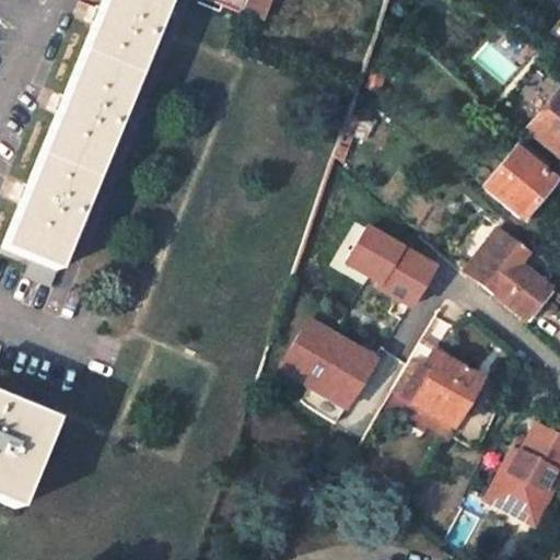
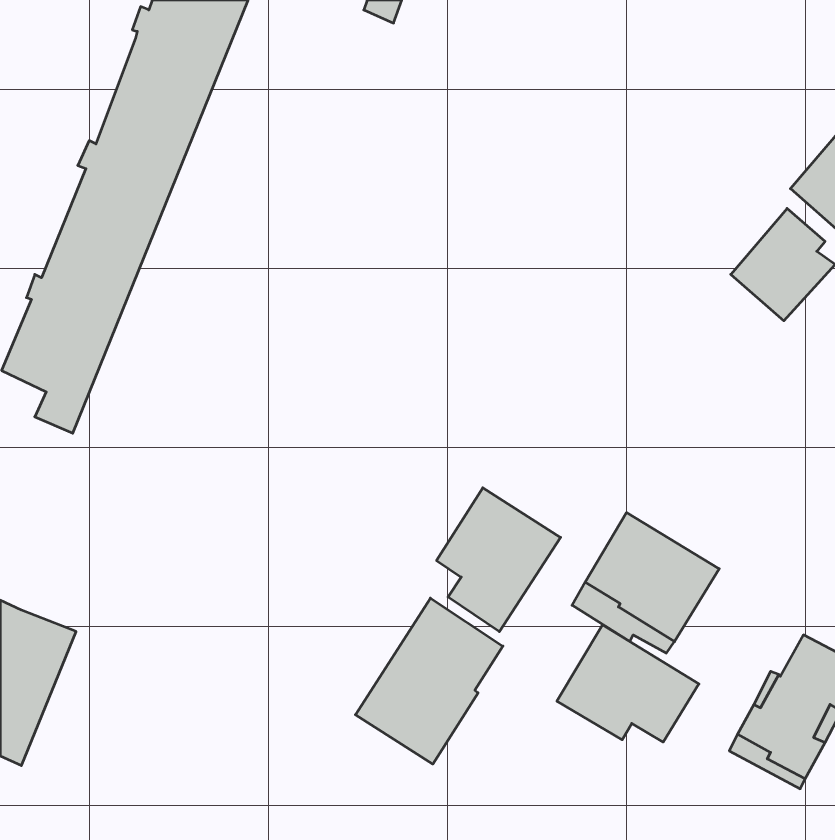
building: [349,224,438,305] -> none
building: [474,229,545,305] -> none
building: none -> [355,598,503,764]
building: none -> [557,625,699,742]

